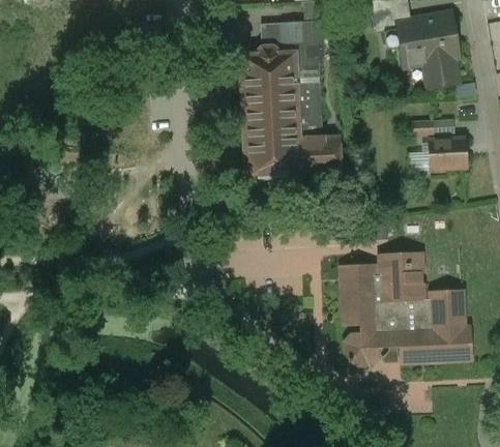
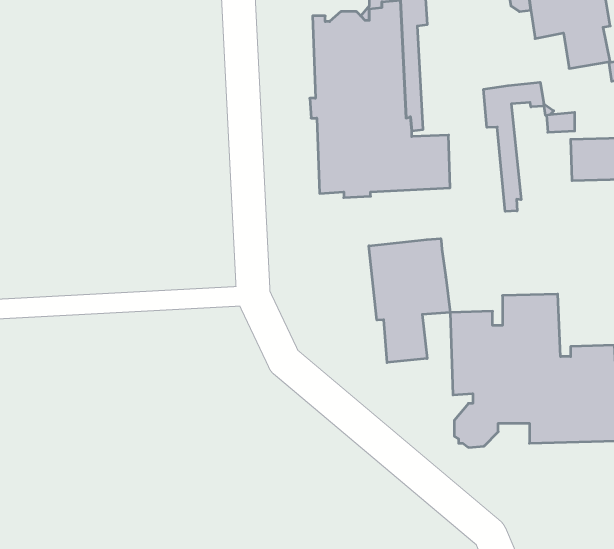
building: none -> [484,82,554,211]
building: none -> [369,239,450,363]

